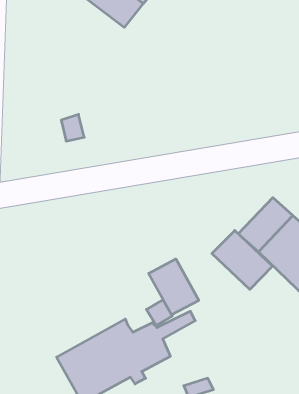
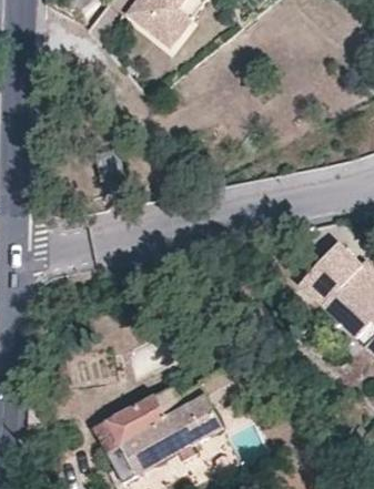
building: [212,230,273,289] -> none
building: [149,259,199,315] -> none

